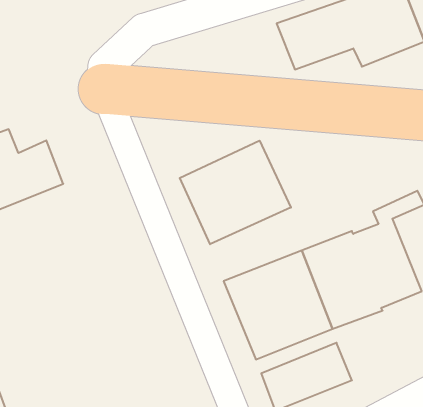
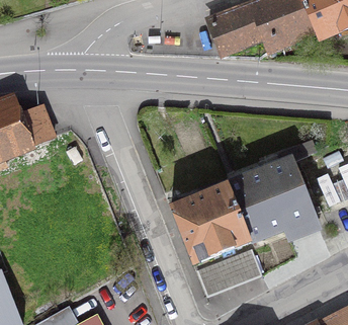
building: [180,141,291,244] -> none

